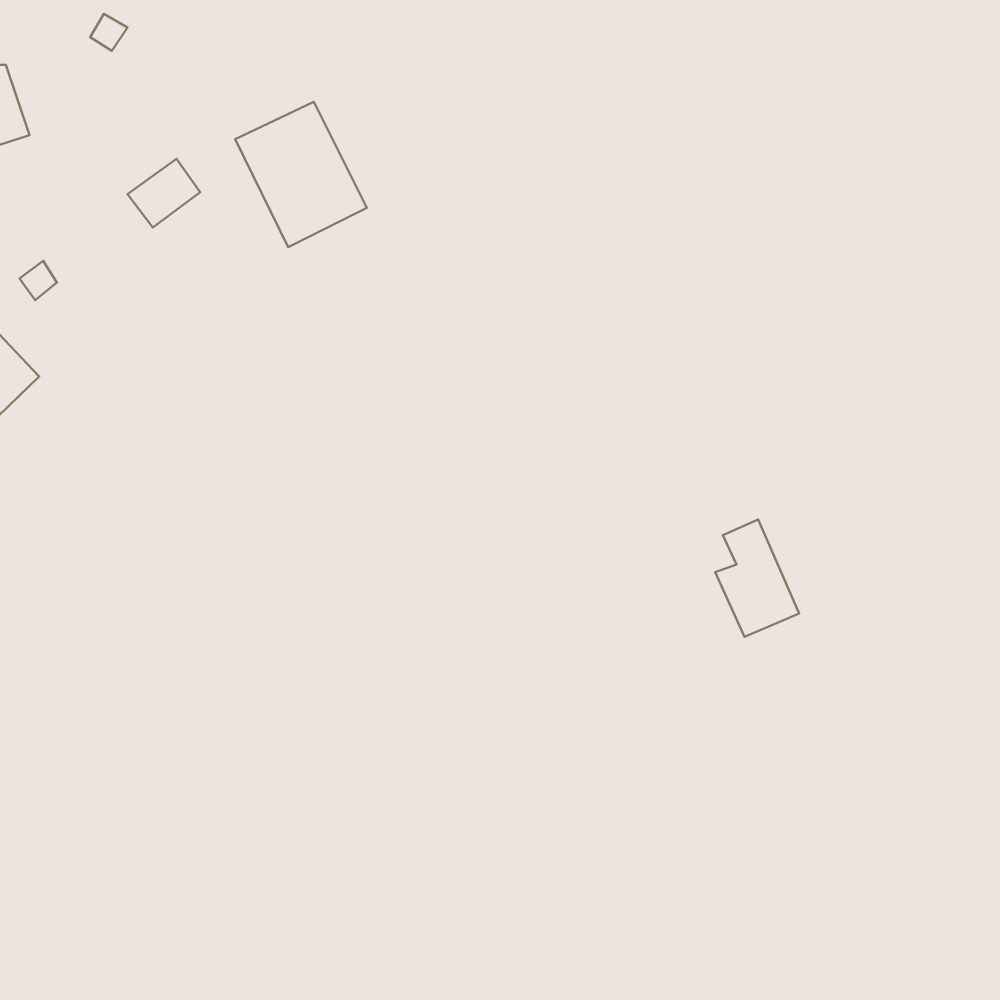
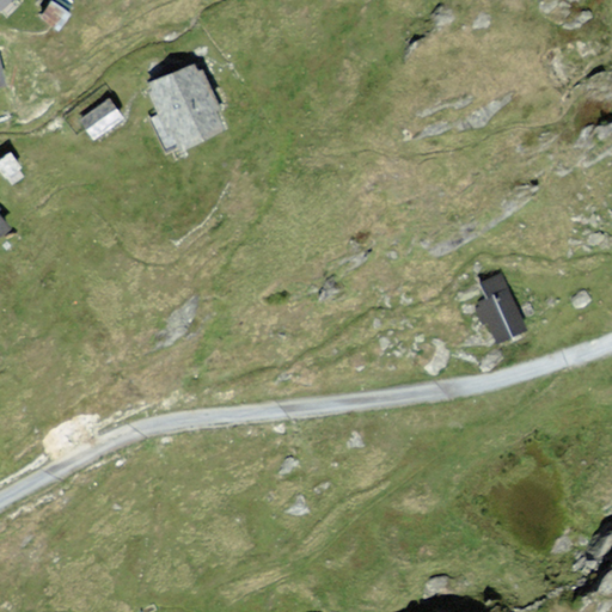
building: [715,519,799,637] -> [472,271,524,343]

